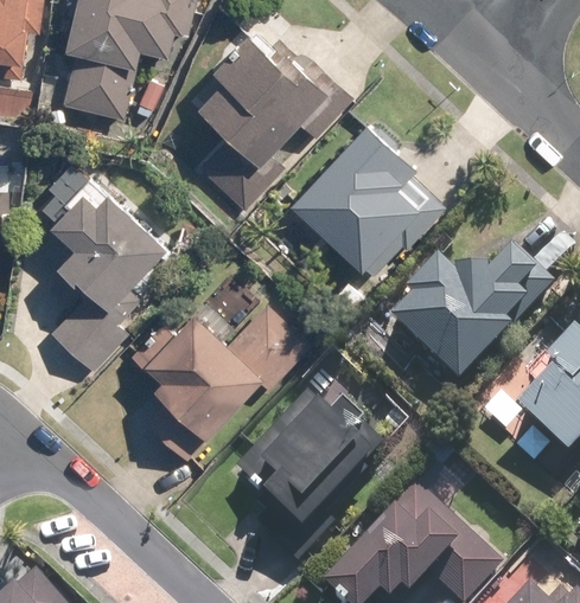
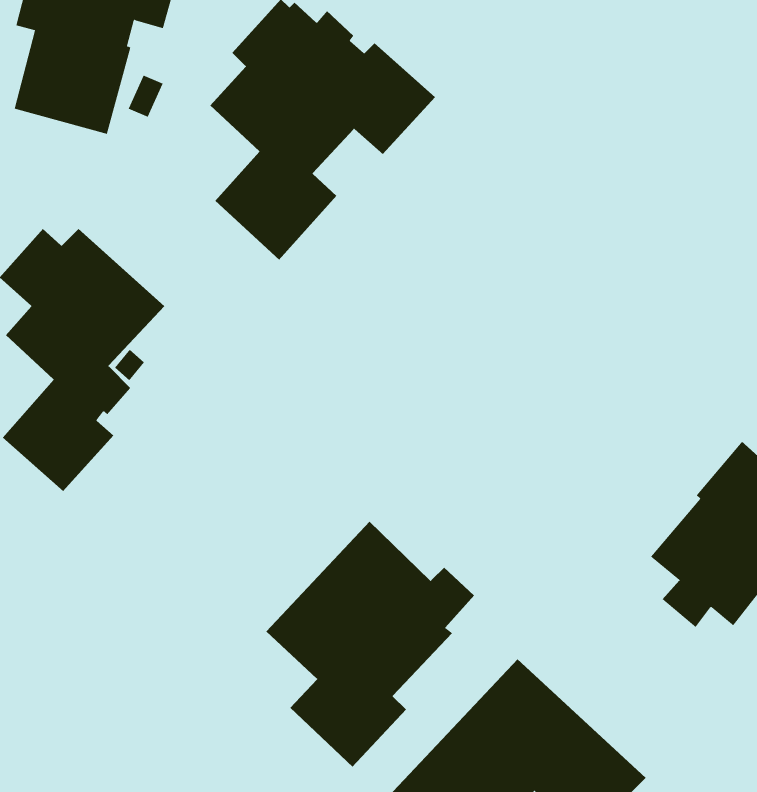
building: [283,124,450,282] -> none
building: [376,248,543,387] -> none
building: [132,299,312,451] -> none

